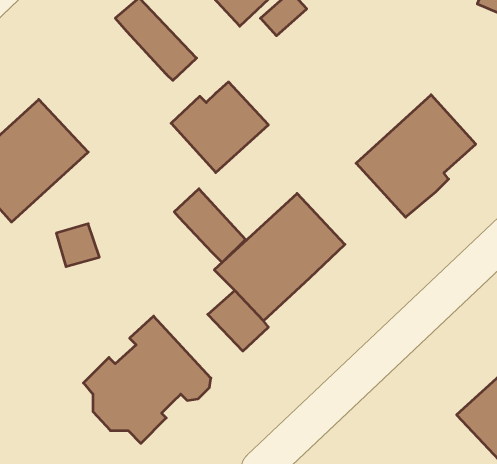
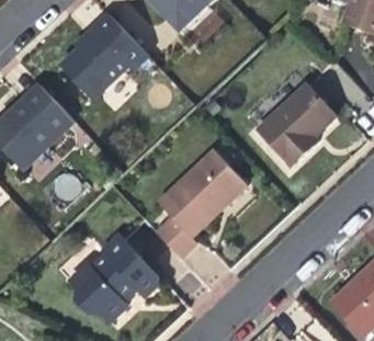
building: [171,82,268,173] -> [60,38,127,101]
building: [174,189,245,262] -> none

